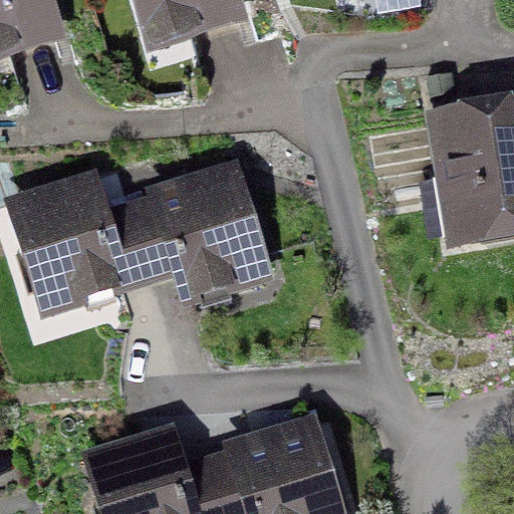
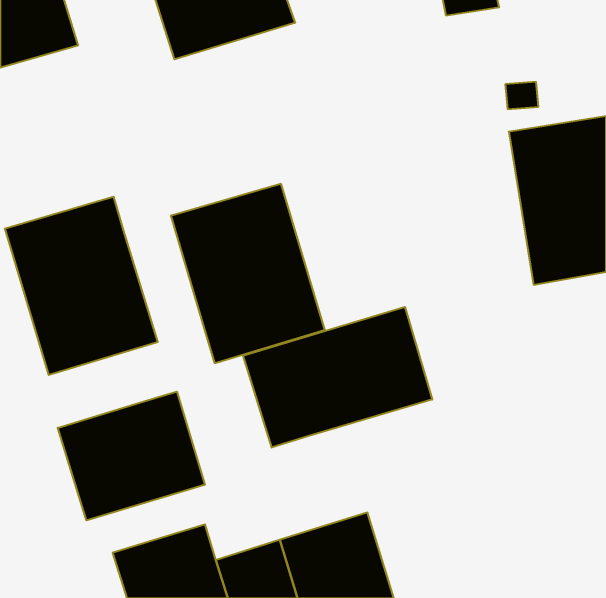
building: [104,183,173,289] -> none
building: none -> [243,307,432,448]
building: none -> [58,392,205,520]

